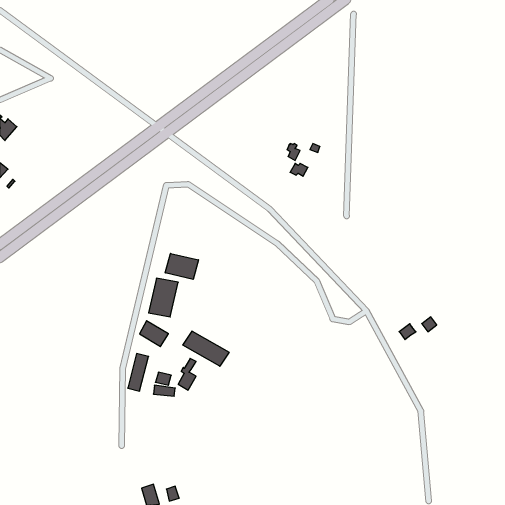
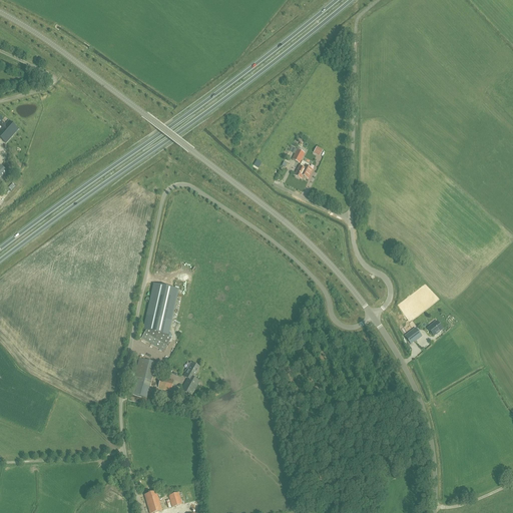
building: [165,253,198,279] -> none
building: [183,331,229,366] -> none

